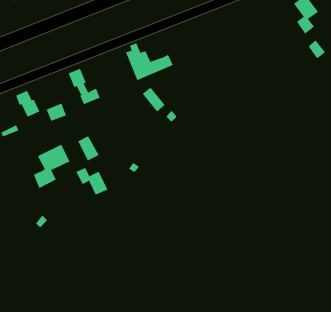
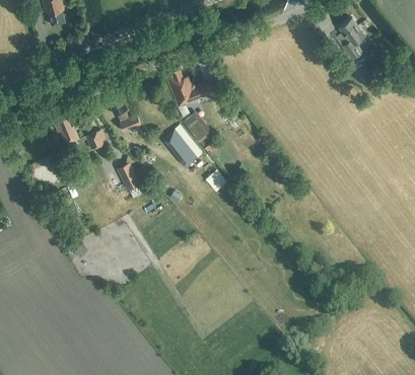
building: none -> [162,128,198,166]
building: [33,144,70,189] -> none
building: [75,167,108,196] -> none

